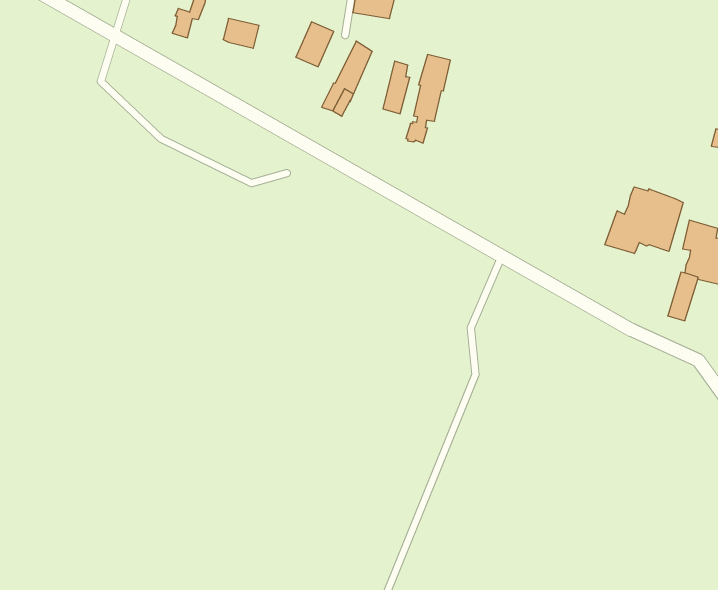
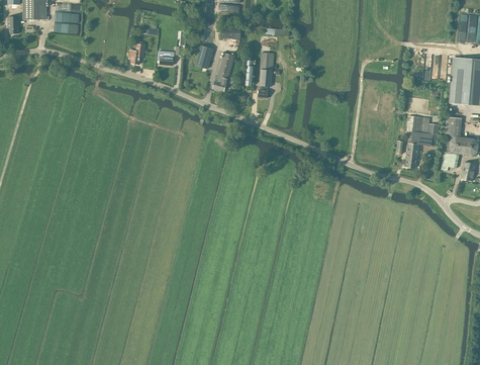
building: [605,187,683,254] -> none

